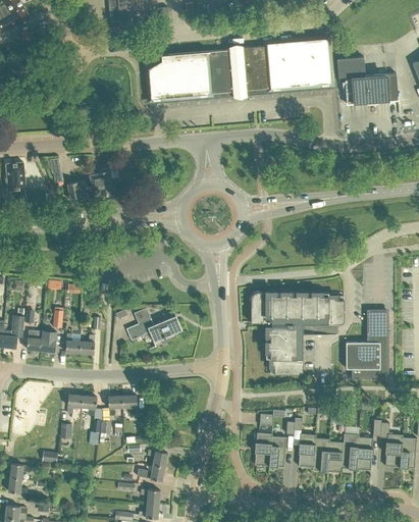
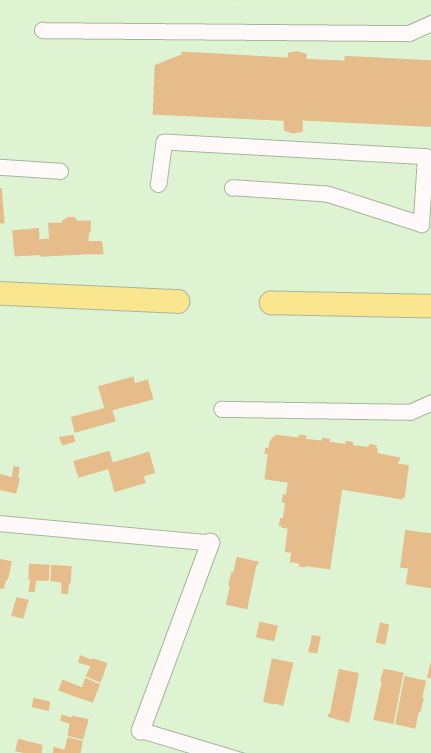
building: none -> [70,376,155,434]
building: [254,432,272,466] -> [225,556,259,610]
building: [298,433,316,467] -> none
building: [327,441,344,472] -> none

